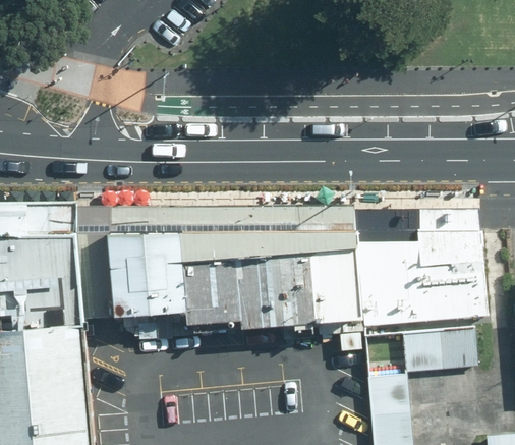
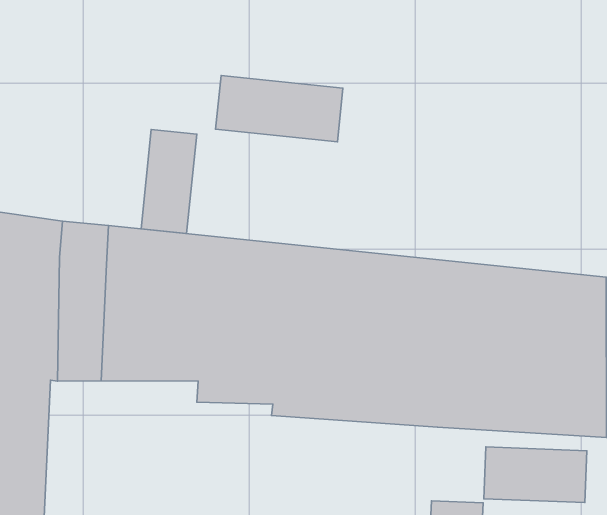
building: none -> [216,75,343,142]
building: none -> [141,129,197,233]

